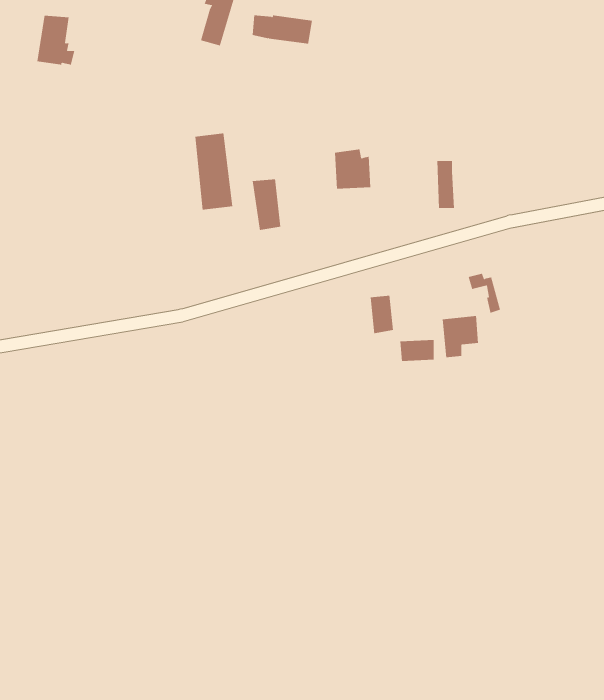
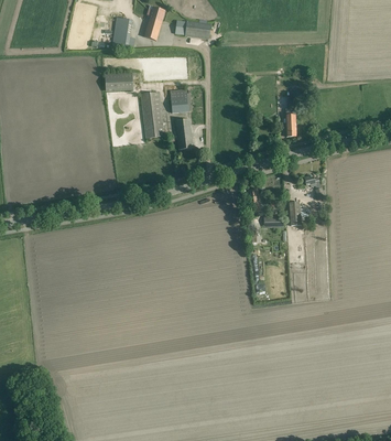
building: [36,15,75,65] -> [112,18,135,47]
building: none -> [105,73,133,90]
building: [334,149,371,189] -> [171,88,193,112]

